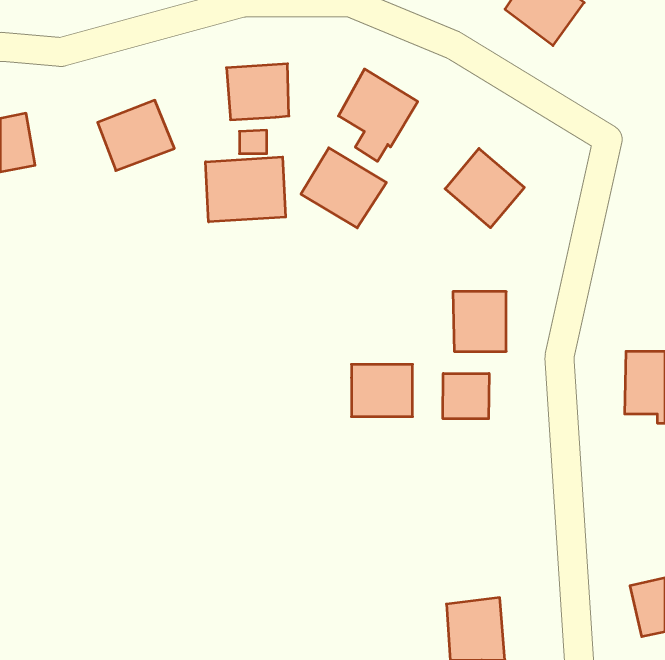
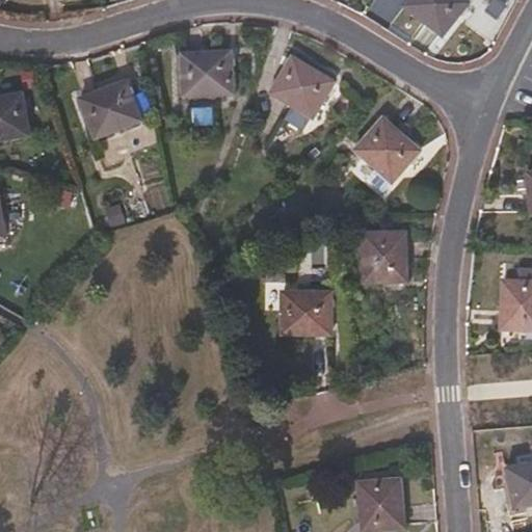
building: [301,148,386,228] -> none
building: [206,157,286,222] -> none
building: [443,373,489,419] -> none

